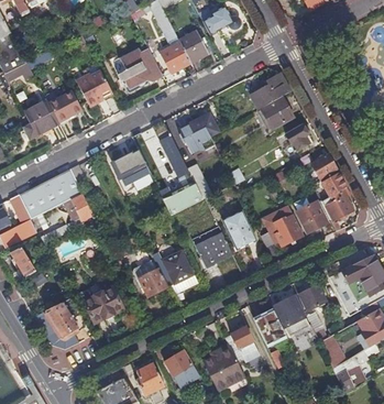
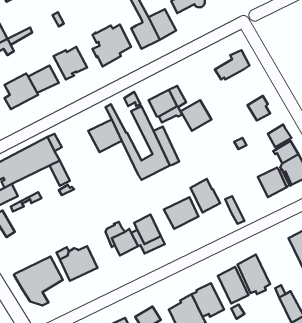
building: [261,95,294,128] -> [181,100,211,131]
building: [264,206,304,244] -> none
building: [298,282,328,308] -> none

